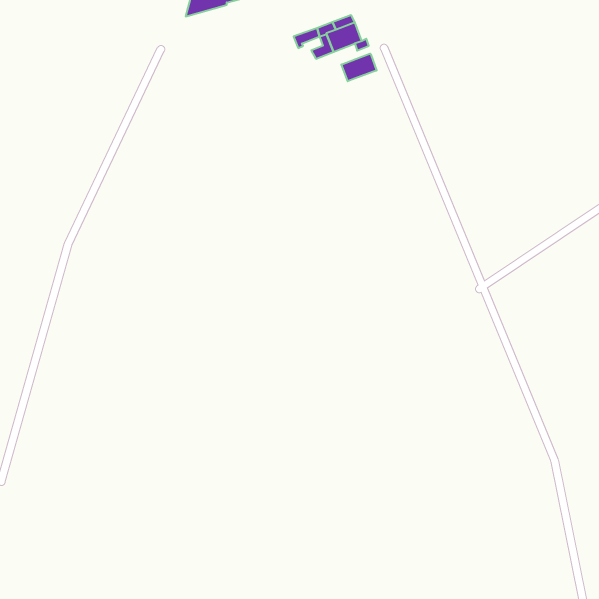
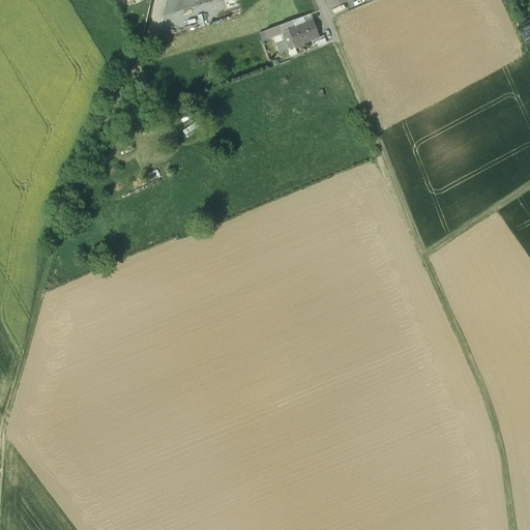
building: [341,54,377,81] -> none

